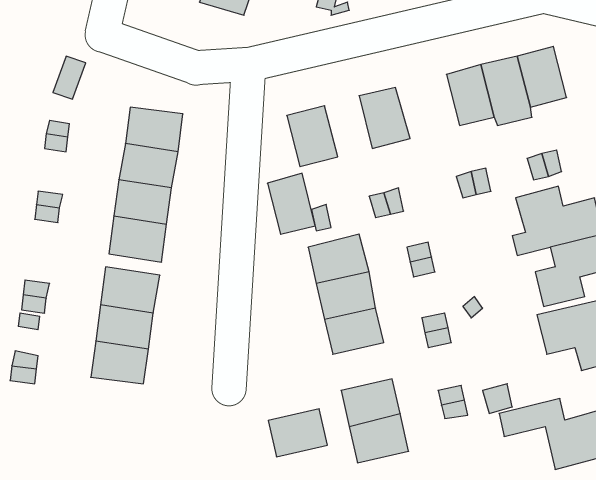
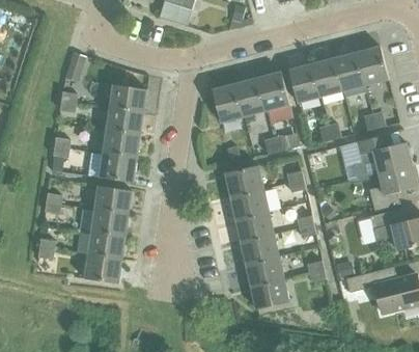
building: none -> [288,63,320,102]
building: [267,173,315,234] -> [235,77,266,115]
building: none -> [84,254,121,283]
building: [268,409,327,457] -> [241,233,278,263]

